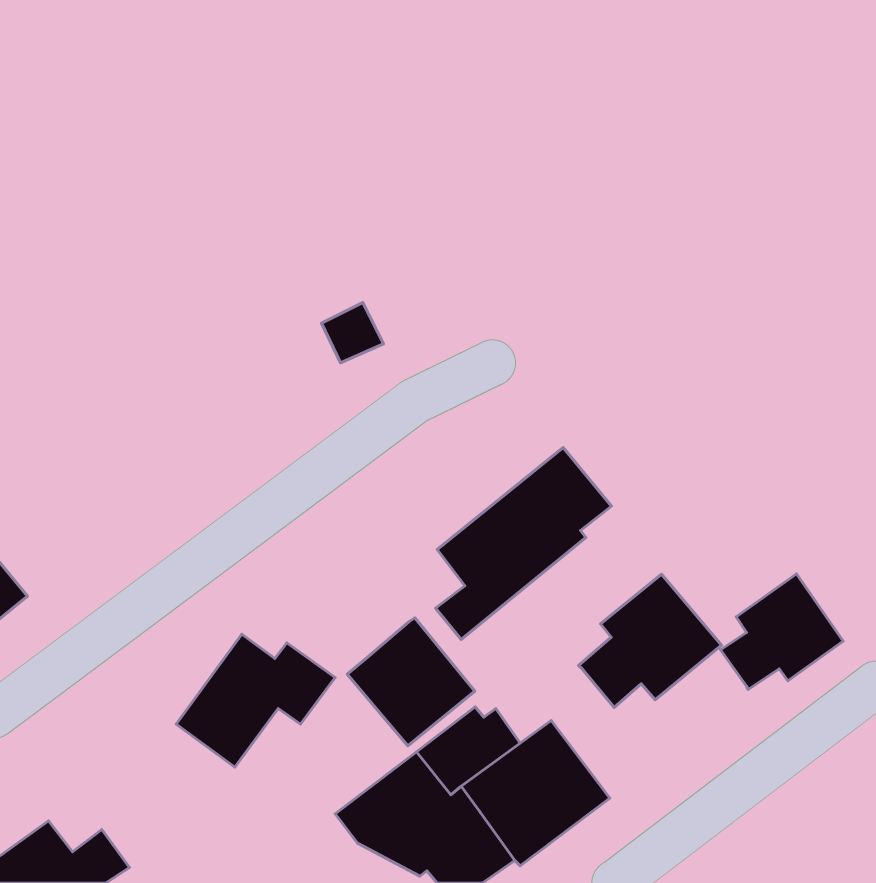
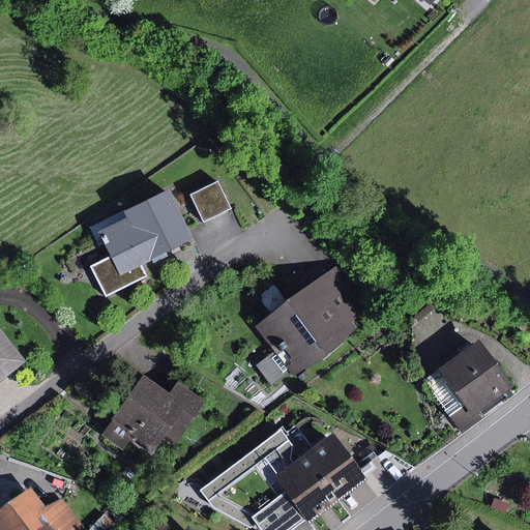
building: none -> [91,200,186,295]
building: [579,574,721,707] -> none
building: [347,618,475,746] -> none

